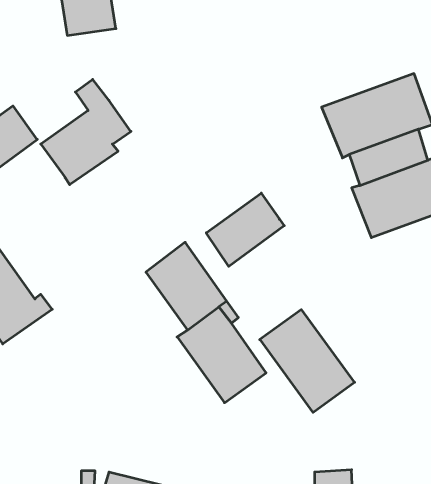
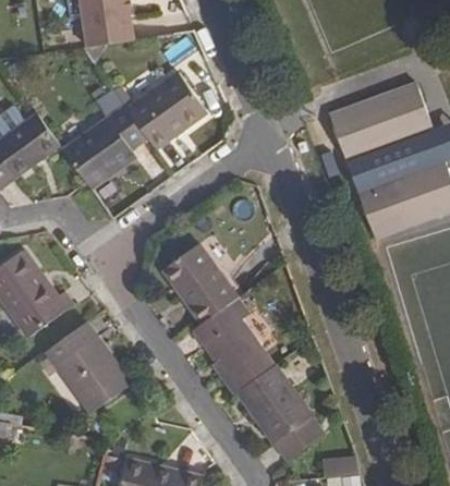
building: none -> [126,71,206,149]
building: [206,193,284,266] -> none
building: [260,310,355,412] -> [235,365,325,462]
building: none -> [44,321,132,413]

